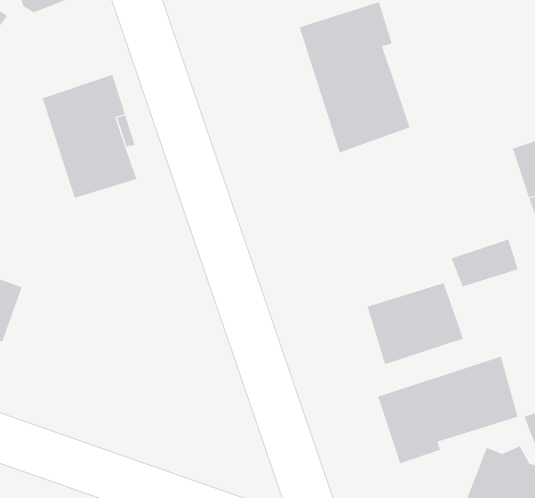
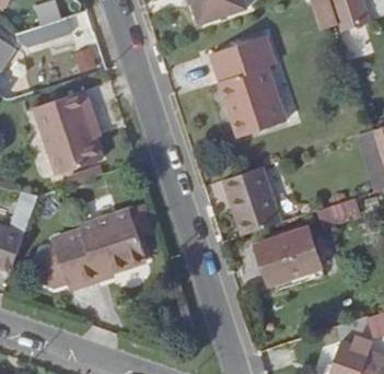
building: none -> [224,165,283,232]
building: none -> [37,206,150,288]
building: [378,356,518,464] -> none

